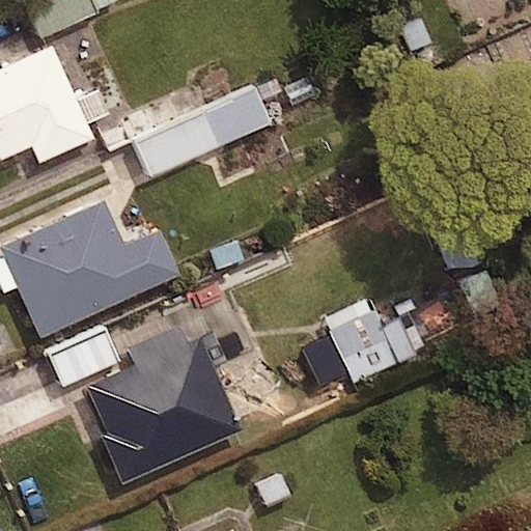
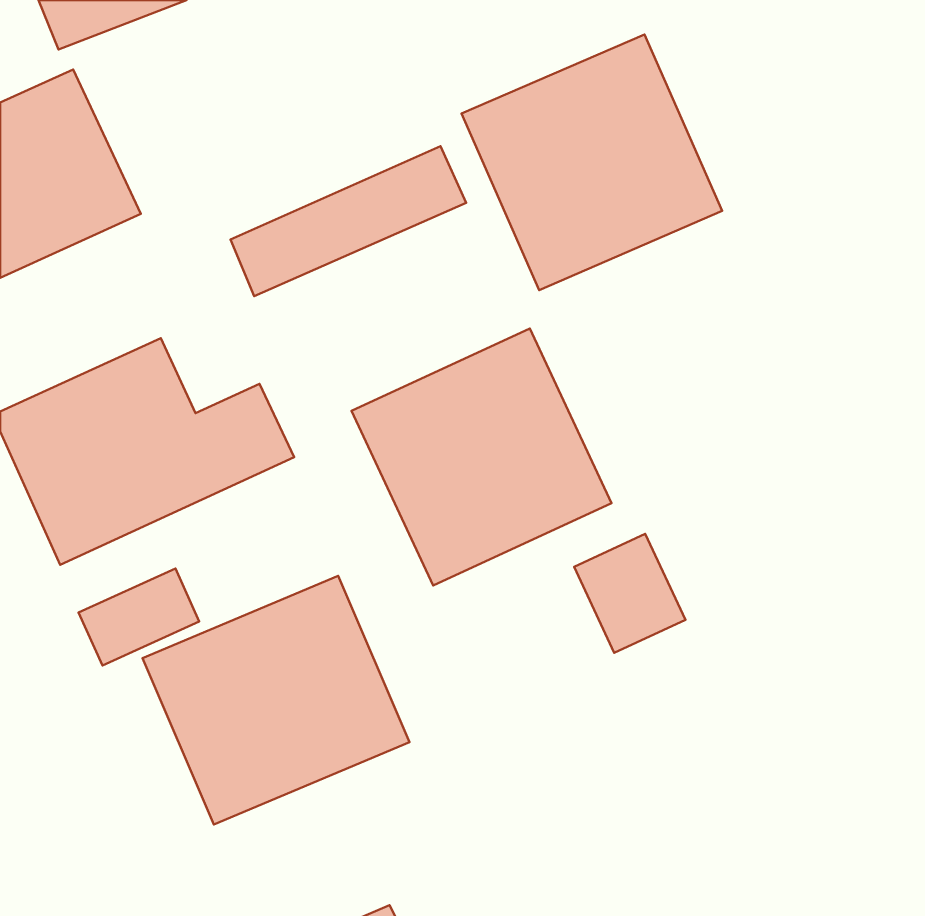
building: none -> [461,34,722,290]
building: none -> [351,328,612,586]

